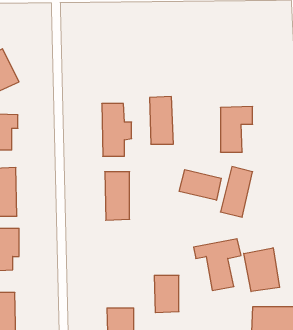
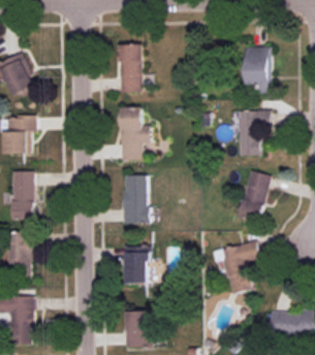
building: none -> [244,46,270,94]
building: [150,97,173,144] -> [118,44,141,92]
building: [179,170,221,200] -> none
building: [244,248,280,292] -> none
building: [154,275,179,313] -> [124,247,149,284]

